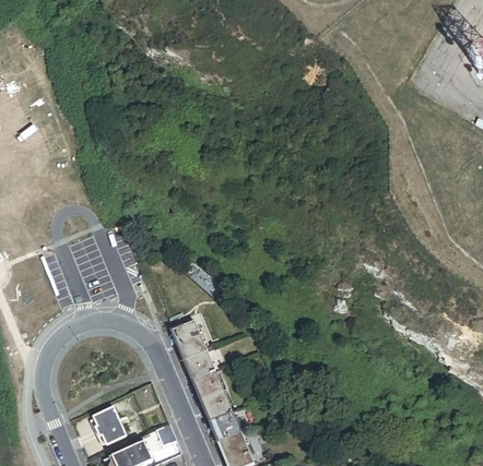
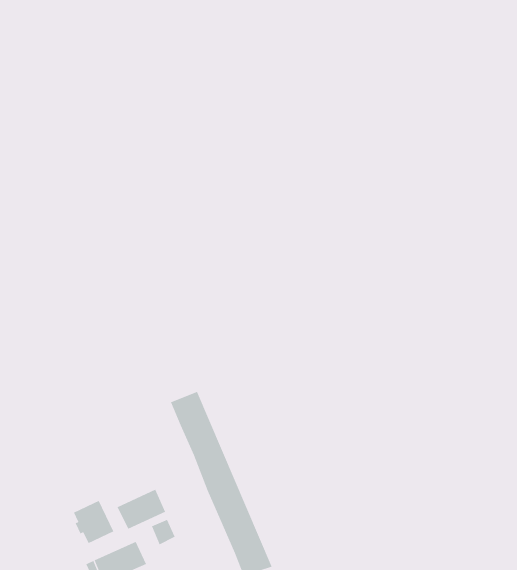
building: none -> [117,489,166,530]

